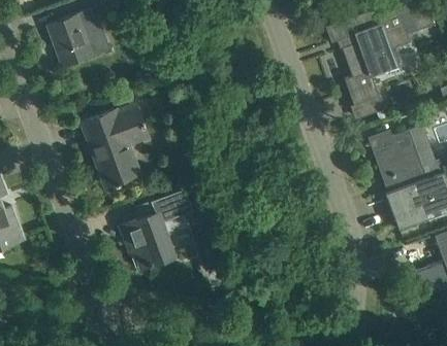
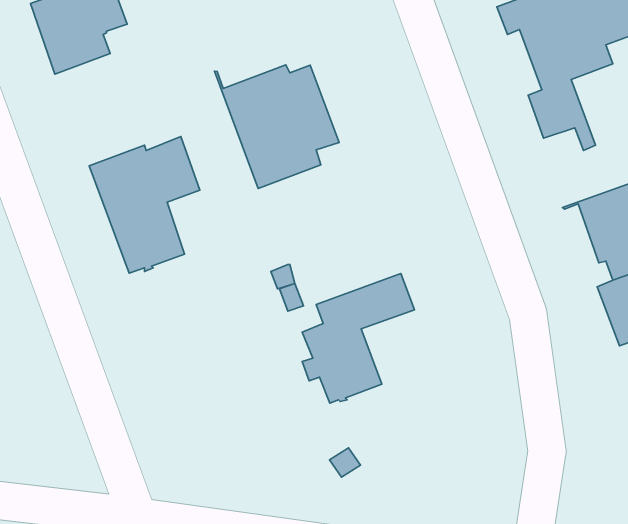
building: none -> [215,65,339,189]
building: [126,189,193,267] -> [302,273,415,403]

